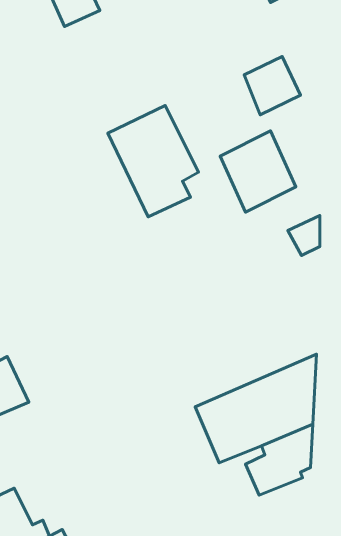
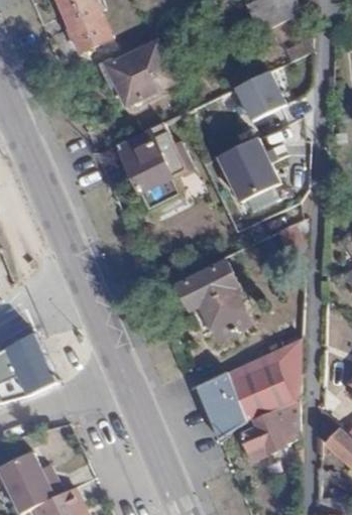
building: none -> [95,38,174,102]
building: none -> [178,257,262,352]

